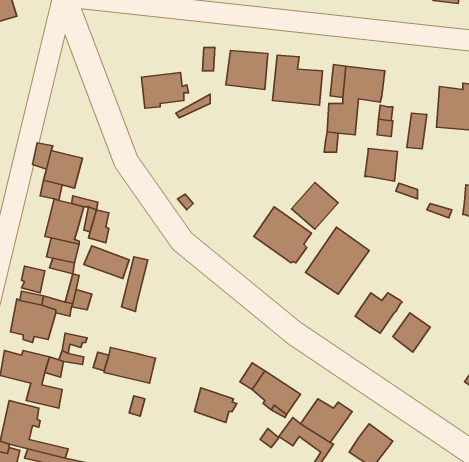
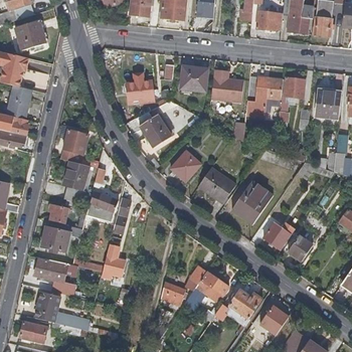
building: none -> [140,114,172,147]
building: [365,148,398,181] -> [284,76,305,98]
building: [291,182,338,229] -> [170,150,200,180]

